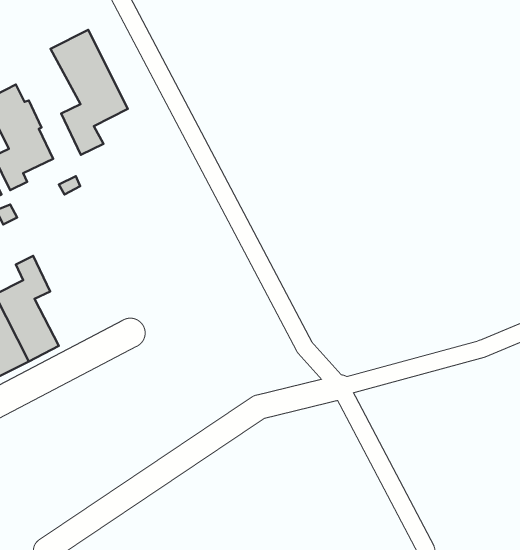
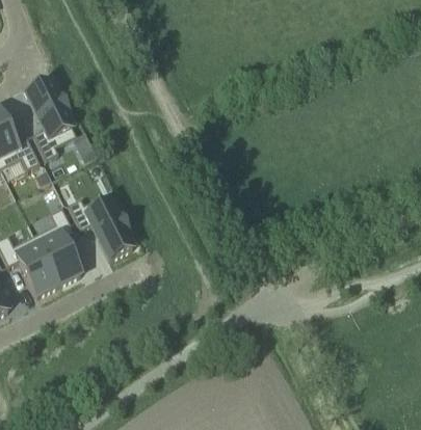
building: [51,30,128,155] -> none
building: none -> [67,192,132,258]

